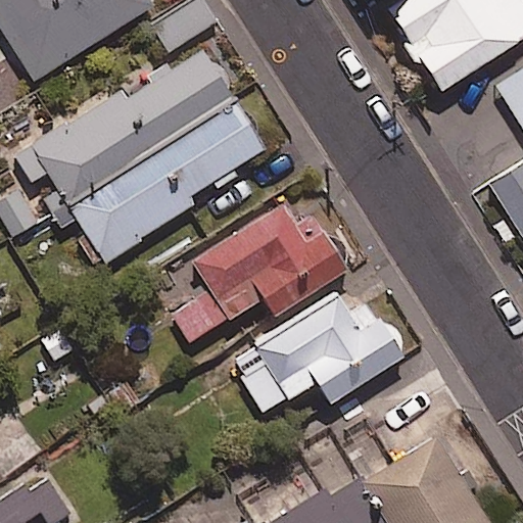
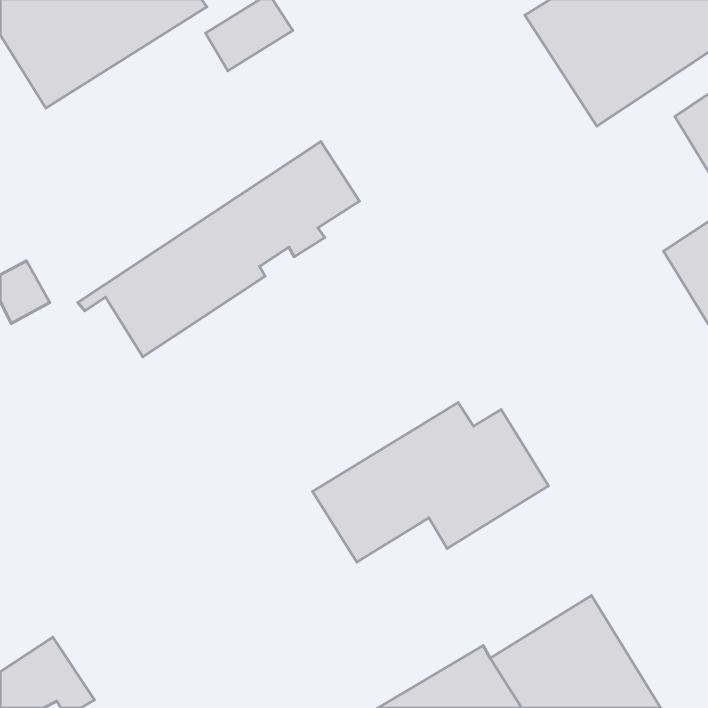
building: [14,51,237,223] -> none
building: [172,207,346,344] -> none

